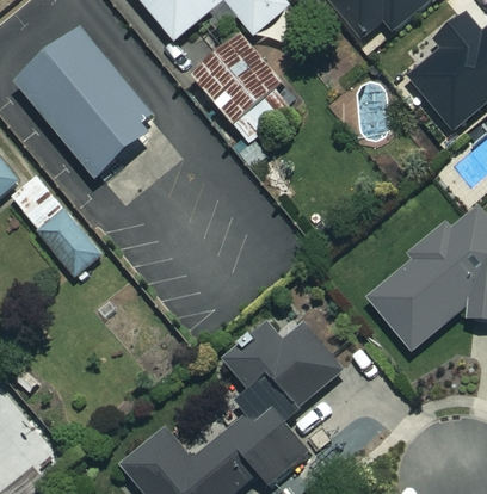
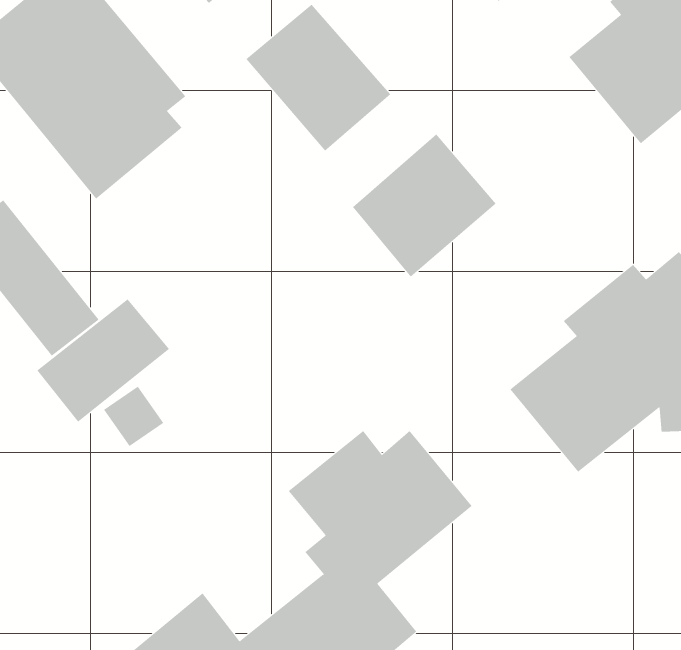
building: none -> [352,133,497,277]
building: none -> [36,298,170,423]

